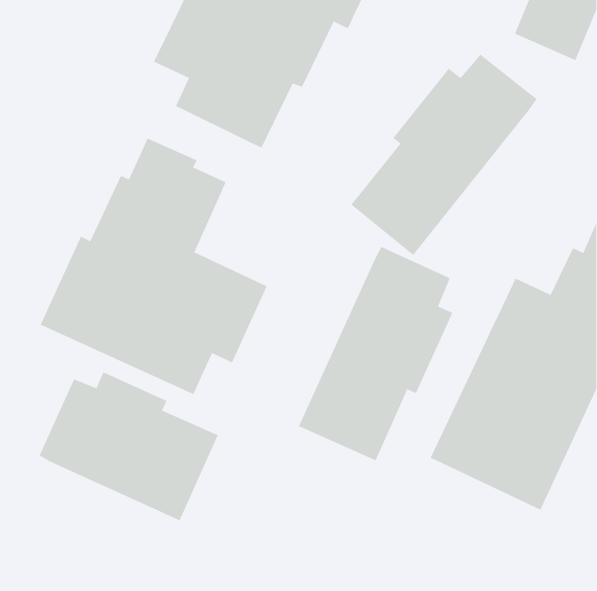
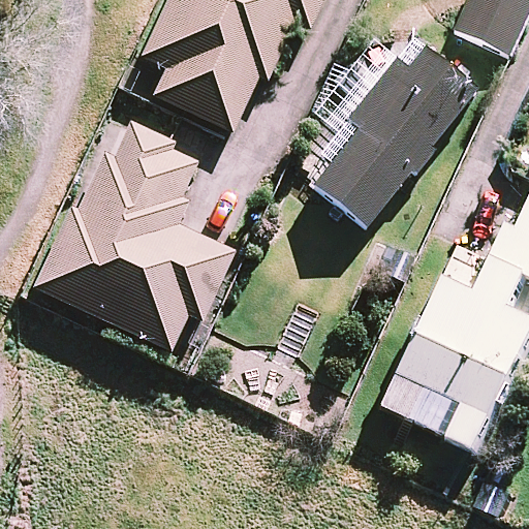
building: [298,246,453,461] -> none
building: [39,372,218,521] -> none

